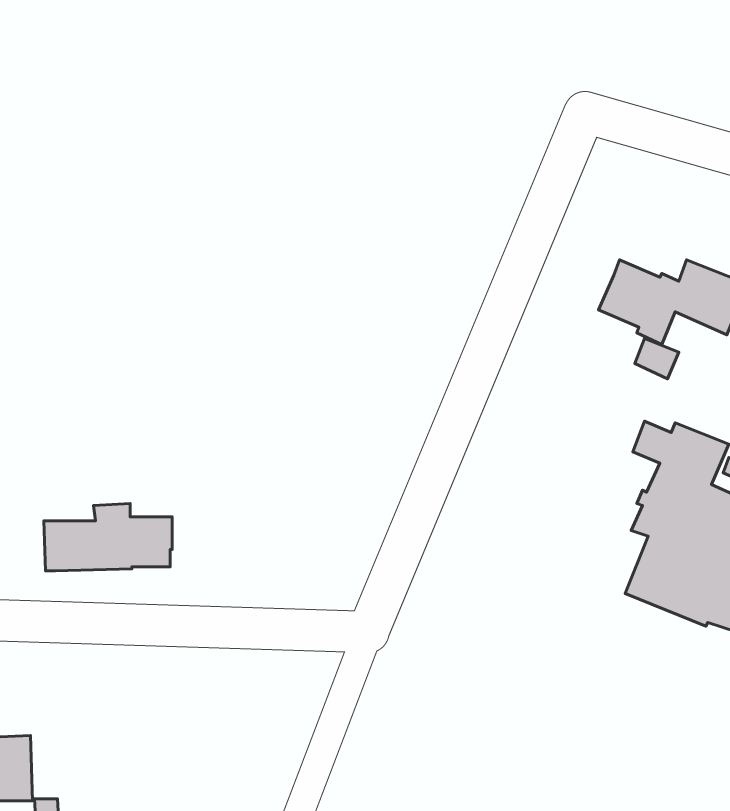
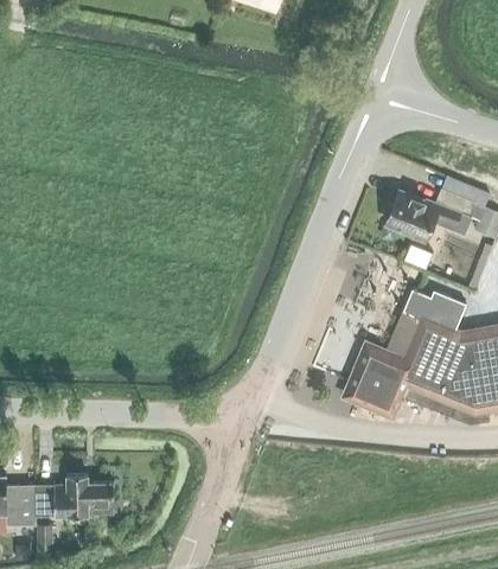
building: none -> [345,340,415,418]
building: [44,504,172,571] -> [33,474,113,516]

